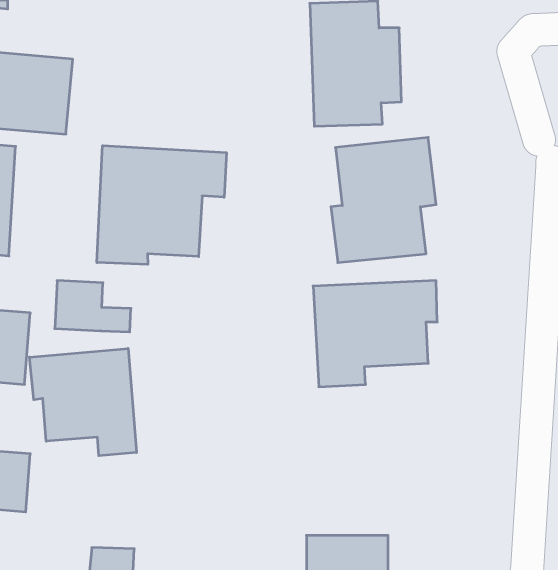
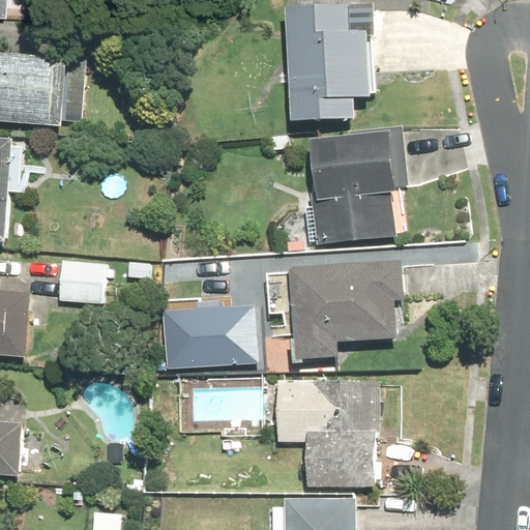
building: [97,146,226,264] -> none
building: none -> [155,301,253,367]
building: [29,348,136,456] -> none
building: none -> [269,382,377,488]

